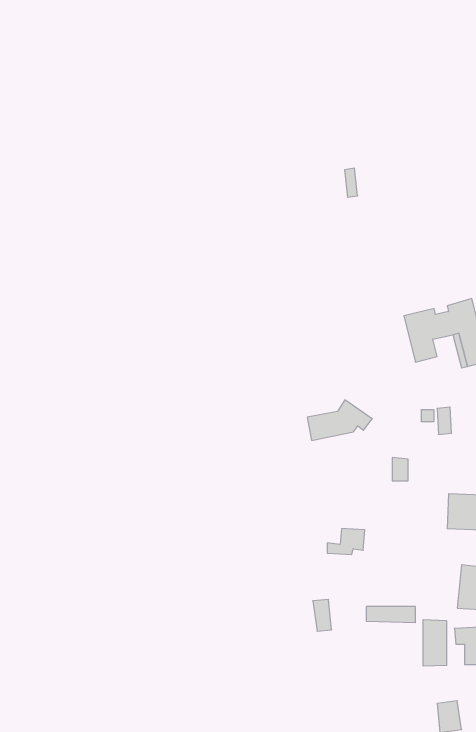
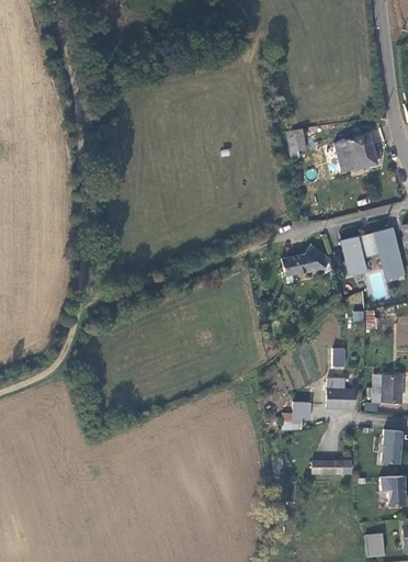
building: none -> [335,134,376,172]
building: [307,400,372,440] -> [282,245,331,276]
building: none -> [327,378,354,408]
building: [423,620,447,666] -> none

